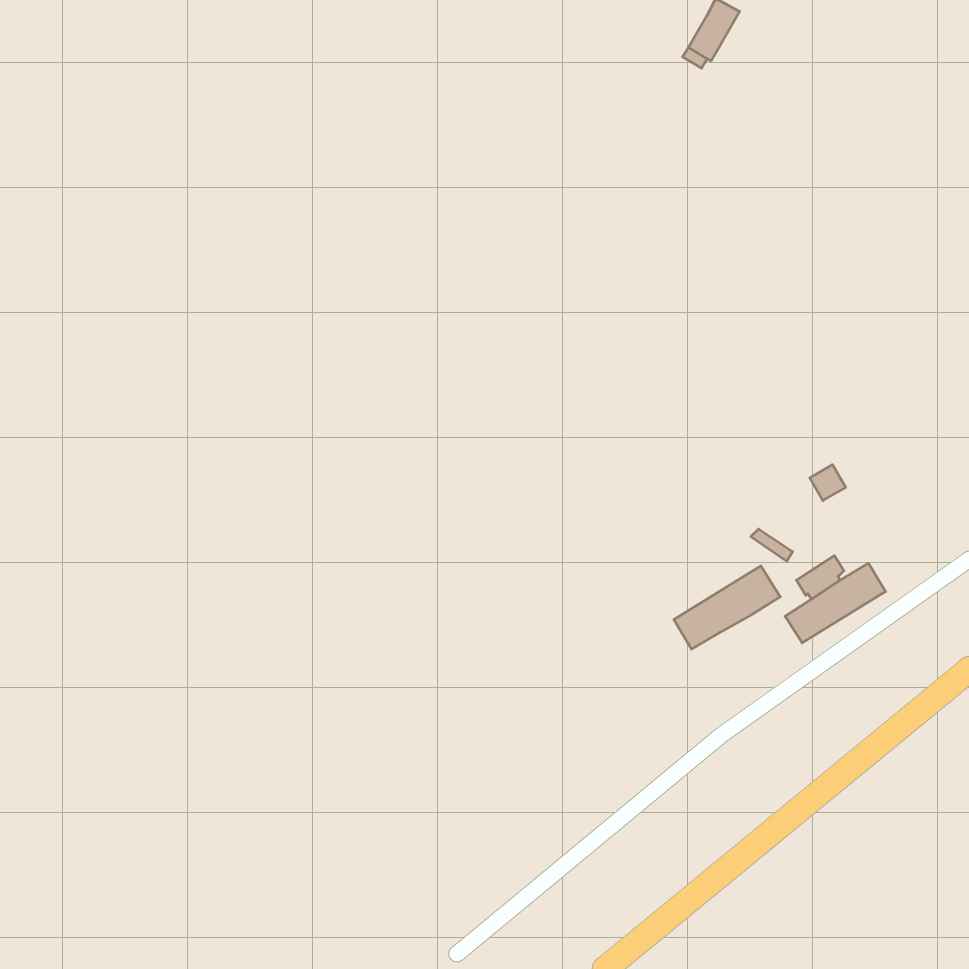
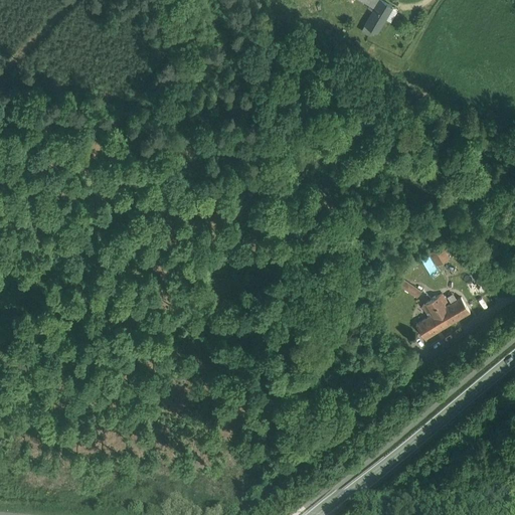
building: [674,566,780,649] -> none

